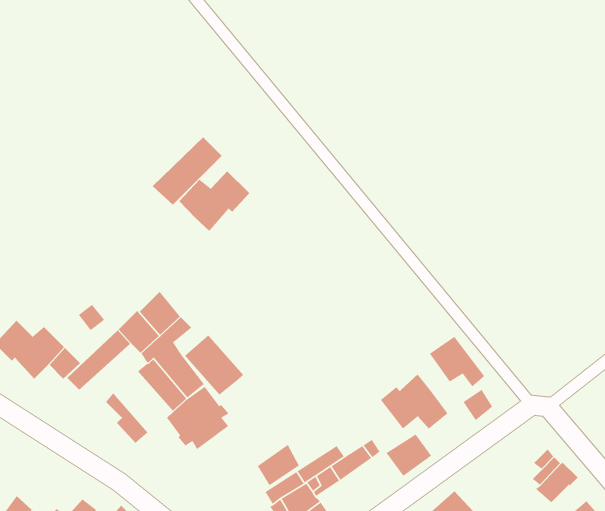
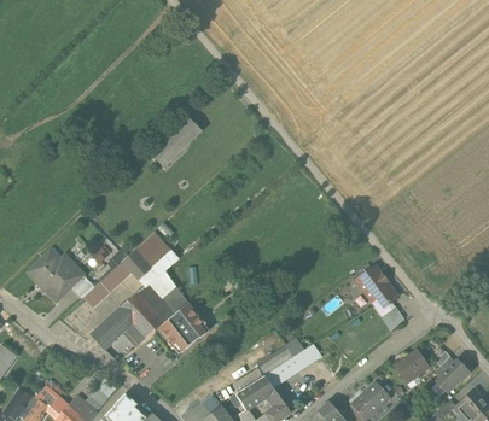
building: [178,170,250,232] -> none
building: [184,334,244,396] -> [118,292,163,338]
building: [380,373,448,430] -> none
building: none -> [91,315,124,347]
building: [385,433,432,477] -> [392,350,427,382]
building: [257,444,300,486] -> none

